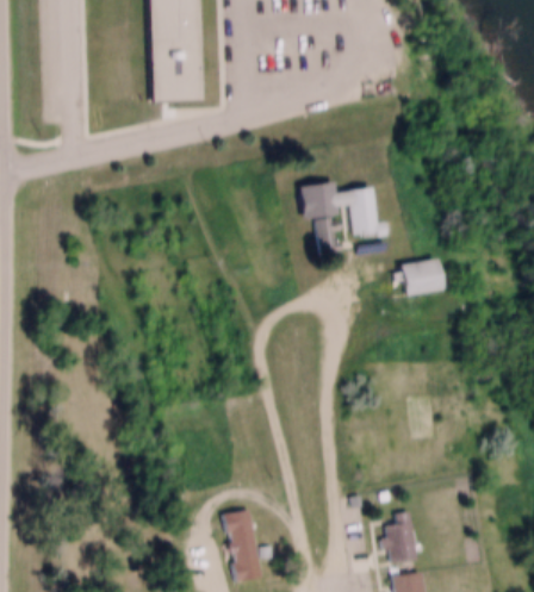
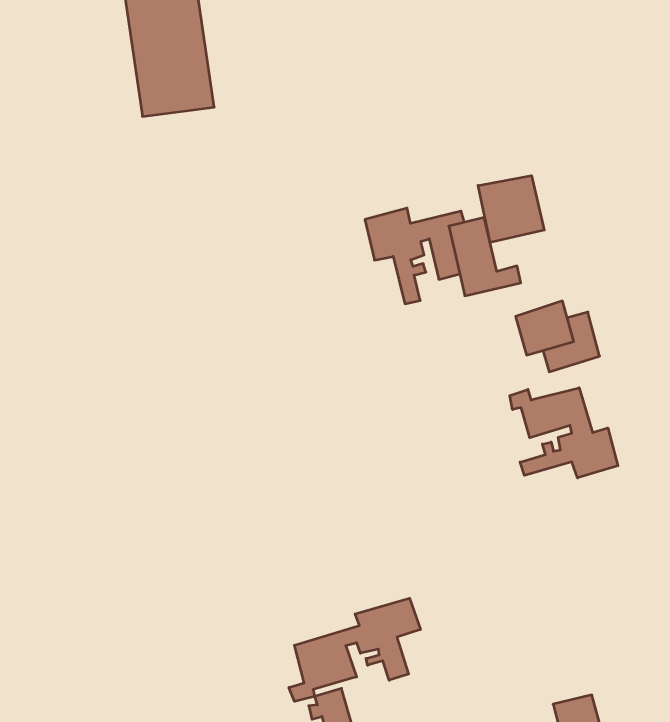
building: none -> [478,176,544,243]
building: none -> [510,388,618,478]
building: none -> [289,598,420,701]

